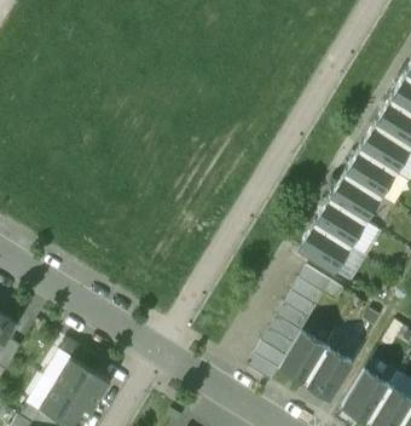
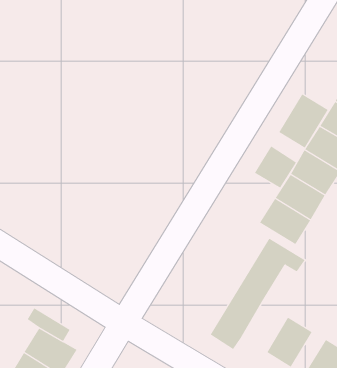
building: none -> [279,94,329,148]
building: none -> [254,146,297,189]
building: [279,332,326,384] -> none

